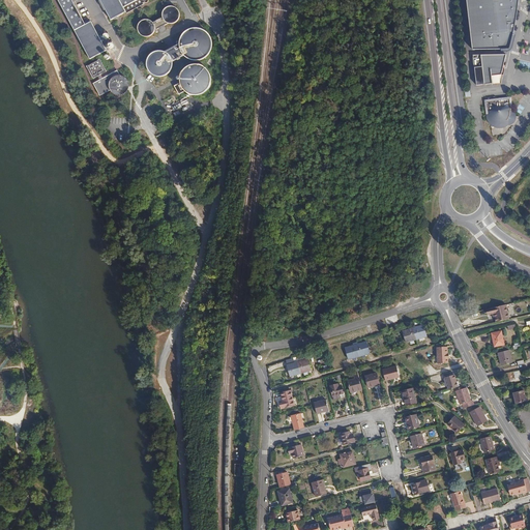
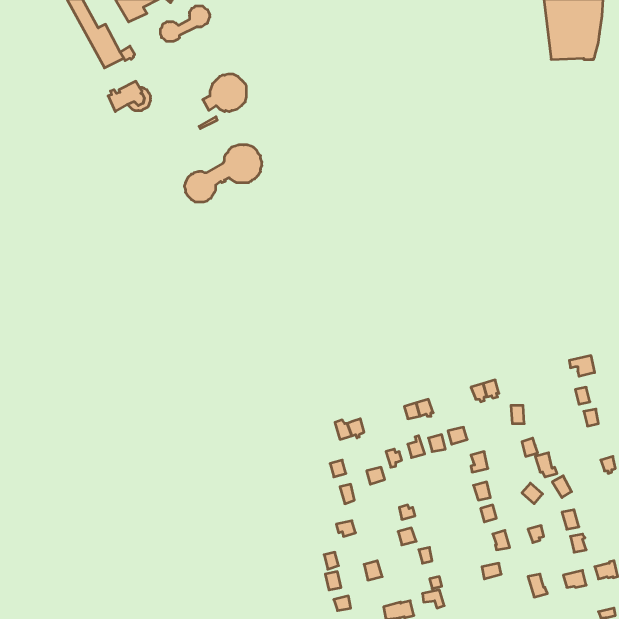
building: [145,27,211,76] -> [184,145,262,202]
building: [471,55,503,86] -> none
building: [483,98,511,125] -> none

